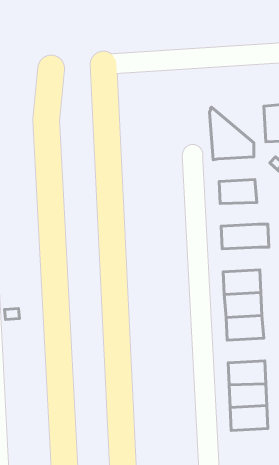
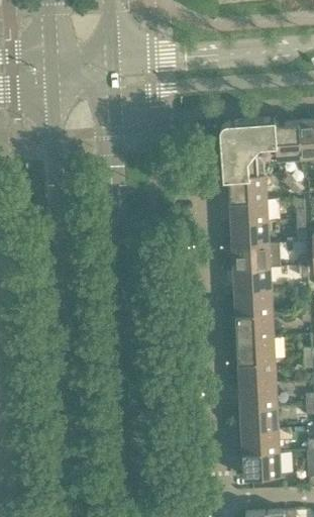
building: none -> [221,119,277,162]
building: none -> [228,176,266,201]
building: none -> [230,222,269,246]
building: none -> [232,268,271,293]
building: none -> [237,360,276,386]
building: none -> [241,452,280,479]

